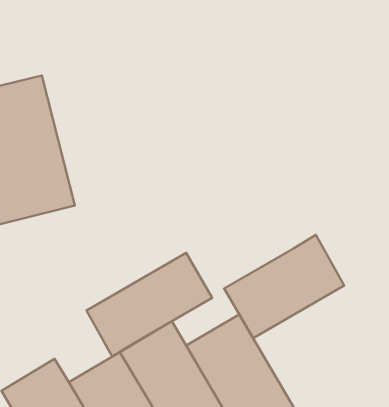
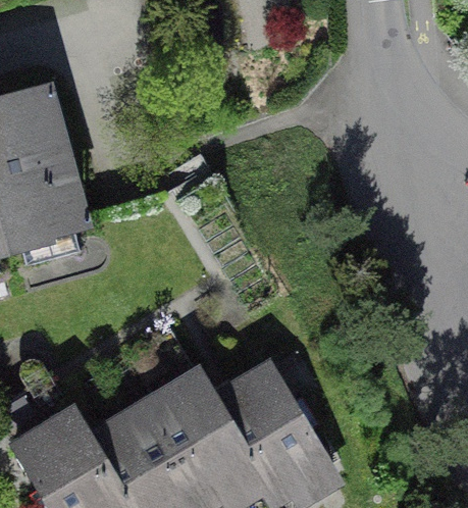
building: [224,235,344,338] -> none
building: [86,253,212,356] -> none

